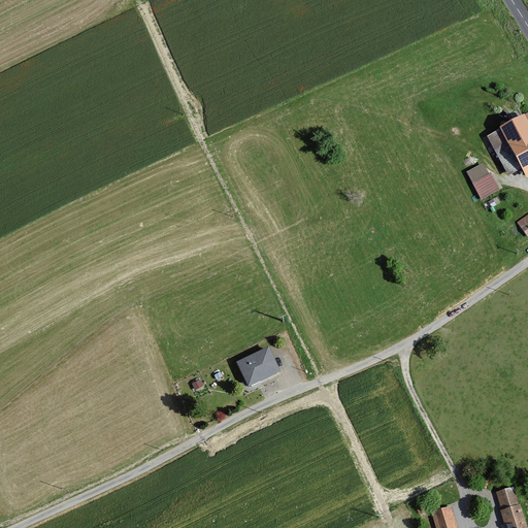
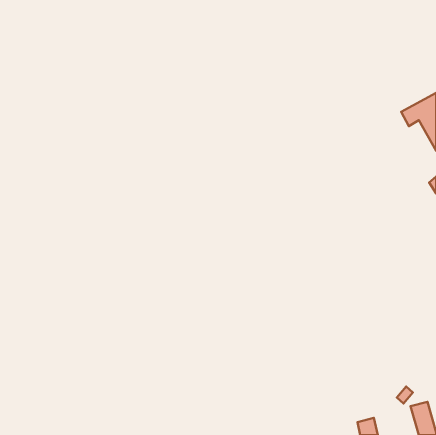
building: [472,174,499,200] -> none
building: [235,346,282,389] -> none

